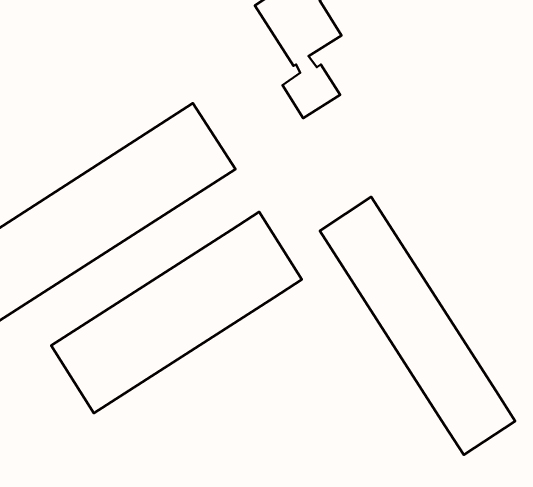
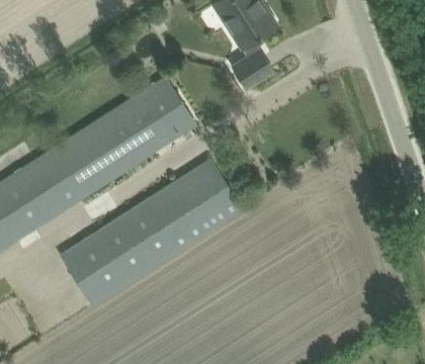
building: [320,197,515,455] -> none

